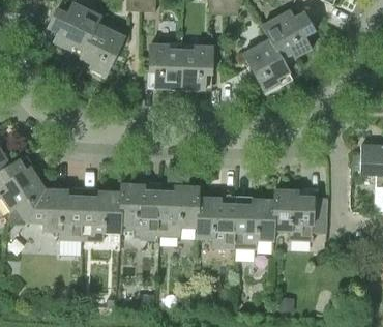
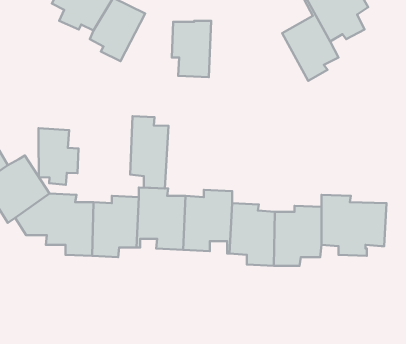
building: [179,41,211,90] -> none
building: none -> [130,116,169,188]
building: none -> [38,128,79,185]

